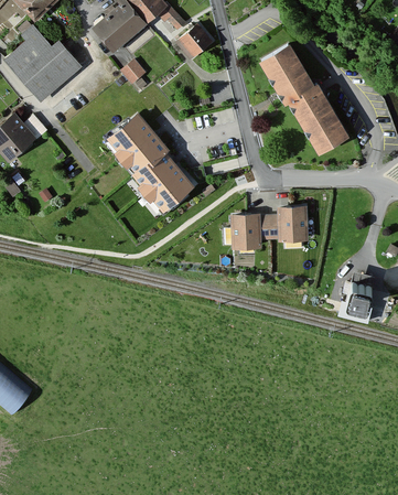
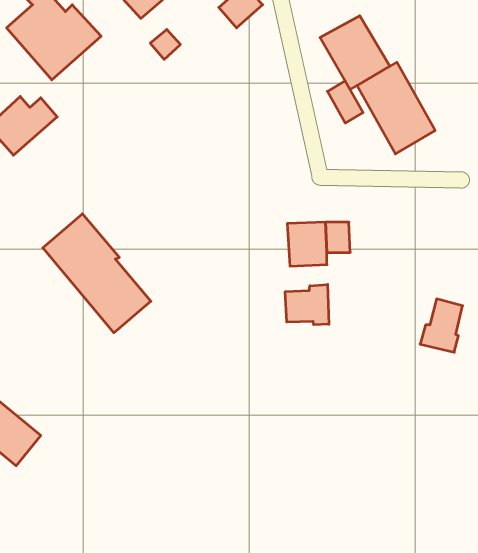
building: none -> [327,81,363,123]
building: [106,112,193,208] -> [43,214,151,333]
building: [281,205,310,241] -> none
building: none -> [285,284,329,325]

